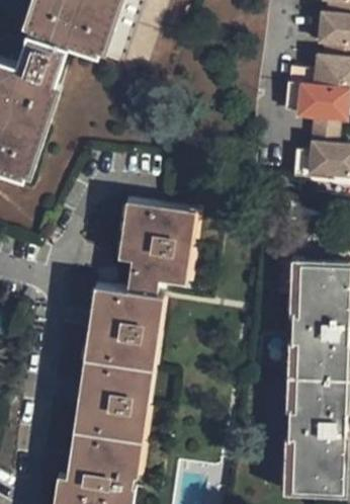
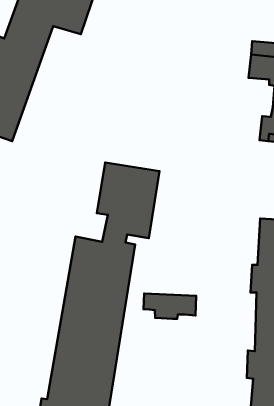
building: none -> [143,293,196,319]

